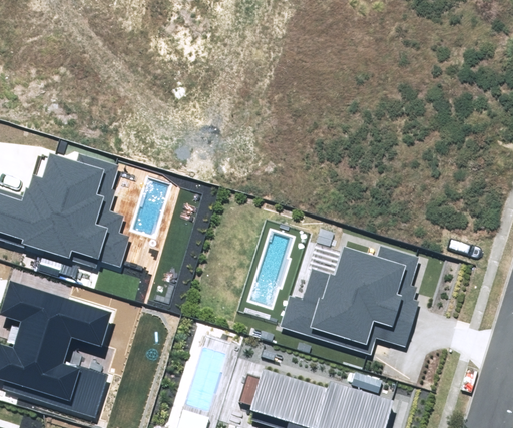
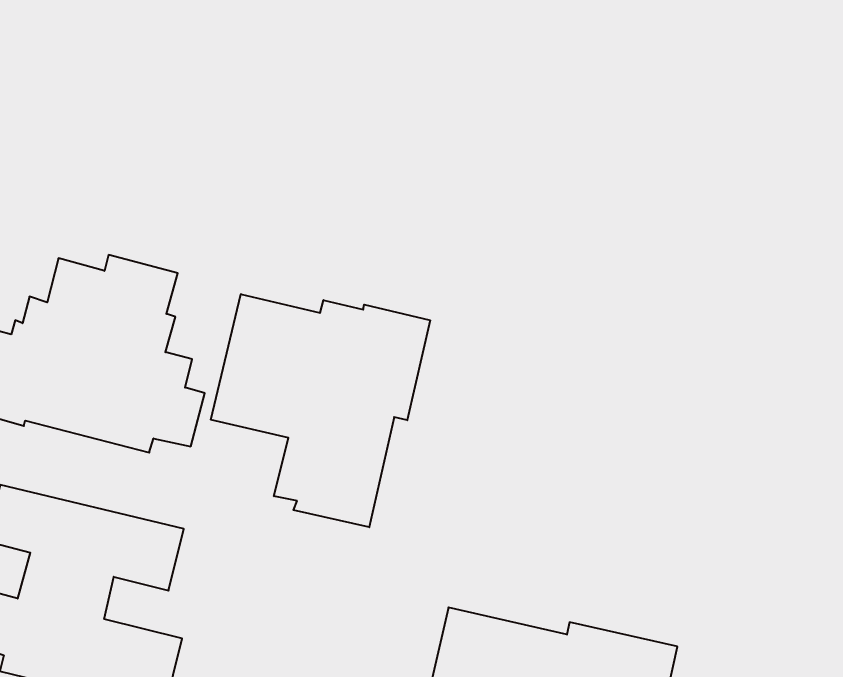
building: none -> [211,294,430,527]
building: [279,245,417,353] -> none

